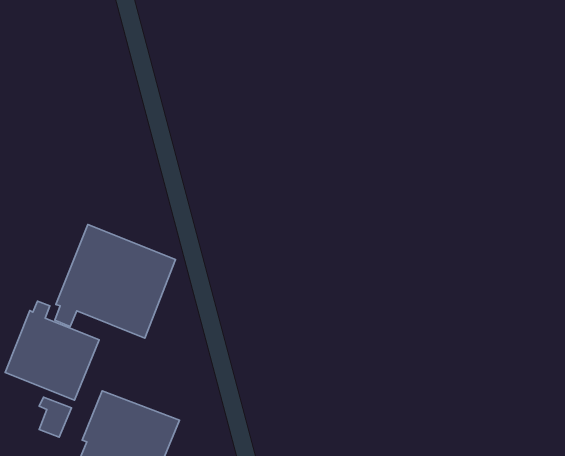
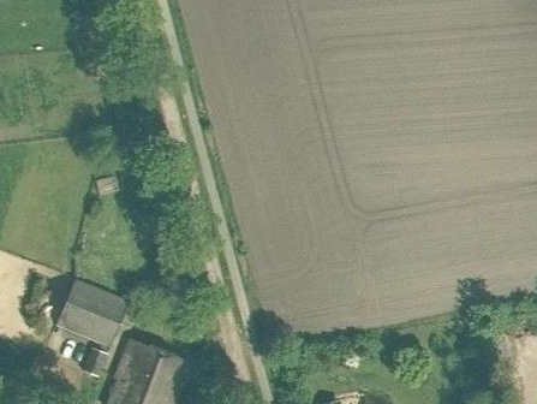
building: [55,225,176,338] -> none

